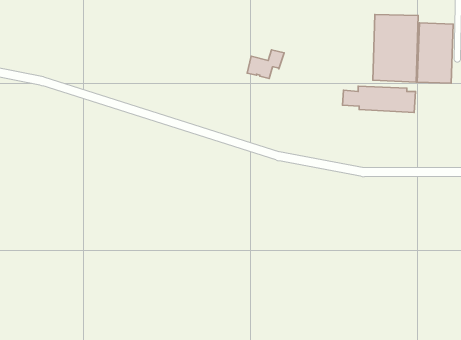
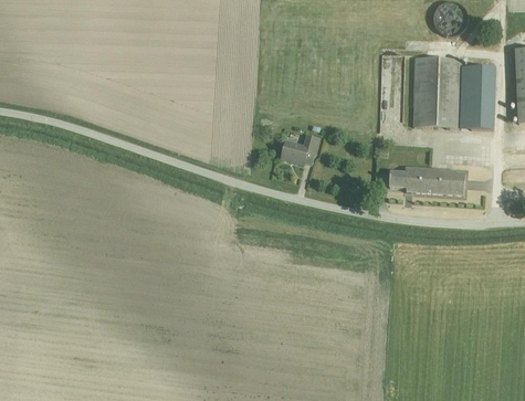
building: [247,50,284,78] -> [281,135,319,165]
building: [342,86,415,113] -> [388,168,464,196]

